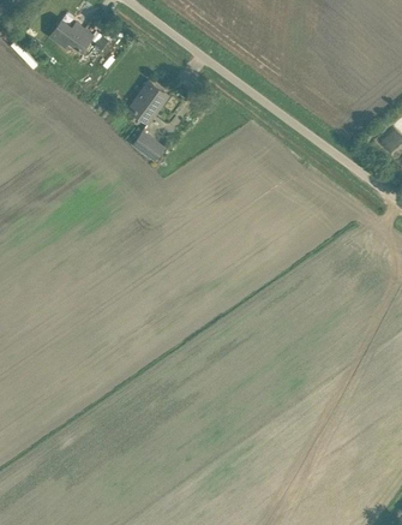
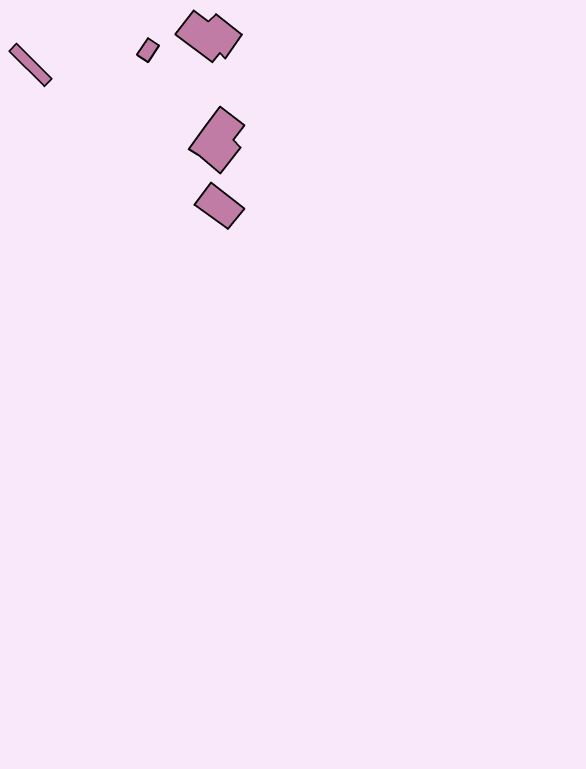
building: [49,20,92,54] -> [175,10,242,62]

